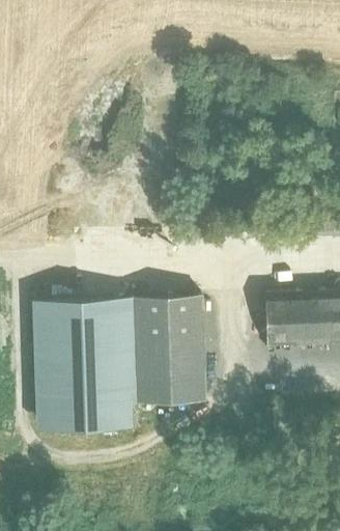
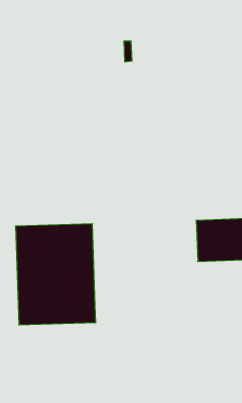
building: [132,298,211,403] -> none

